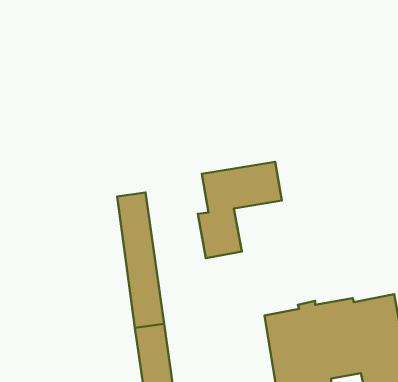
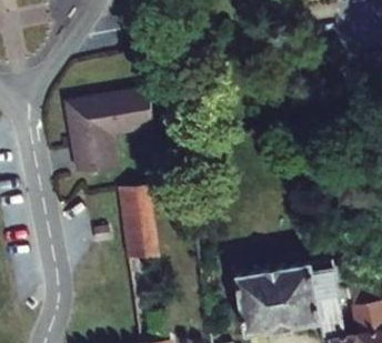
building: [198,162,282,258] -> [72,98,142,178]

